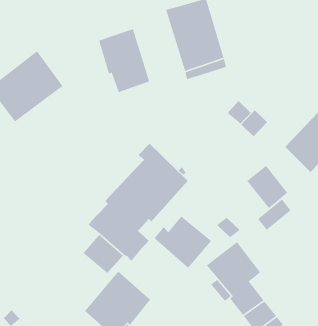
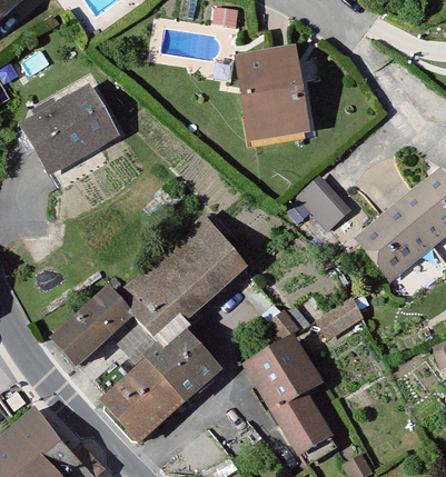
building: [98,28,150,93] -> none
building: [246,165,288,209] -> none
building: [154,215,212,269] -> [148,334,216,397]
building: none -> [57,289,132,361]

